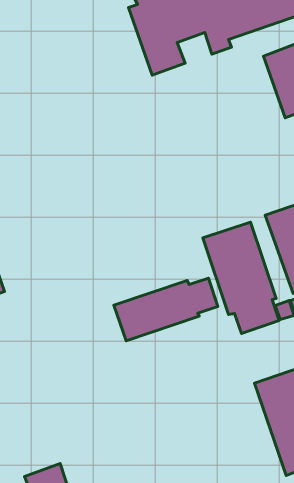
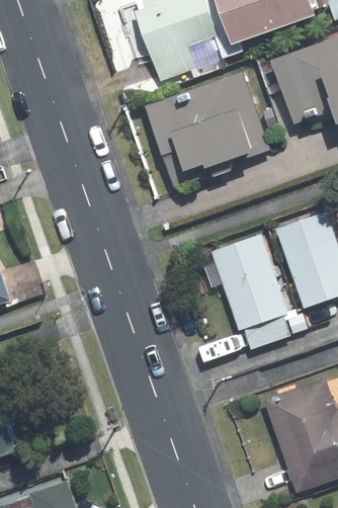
building: none -> [146,75,269,187]
building: [114,278,218,341] -> none

